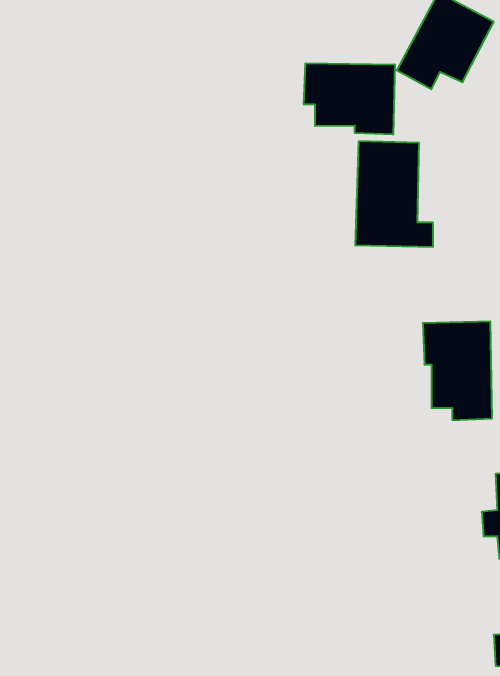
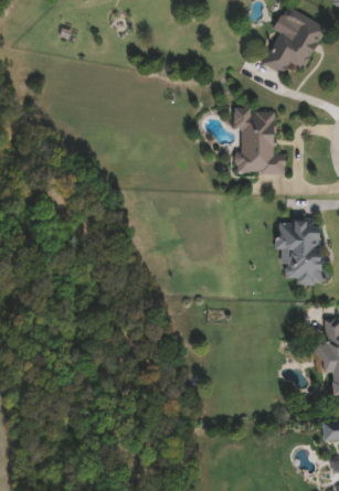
building: [304,63,395,135] -> none

